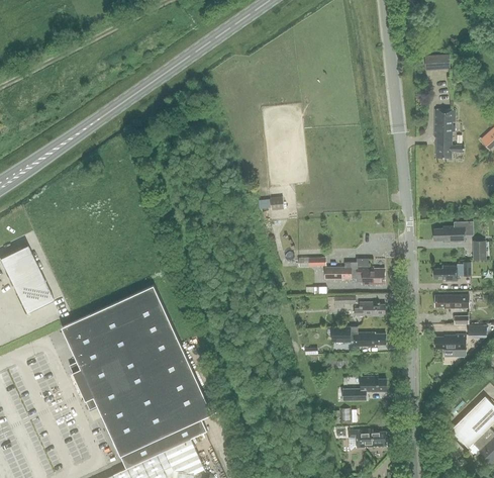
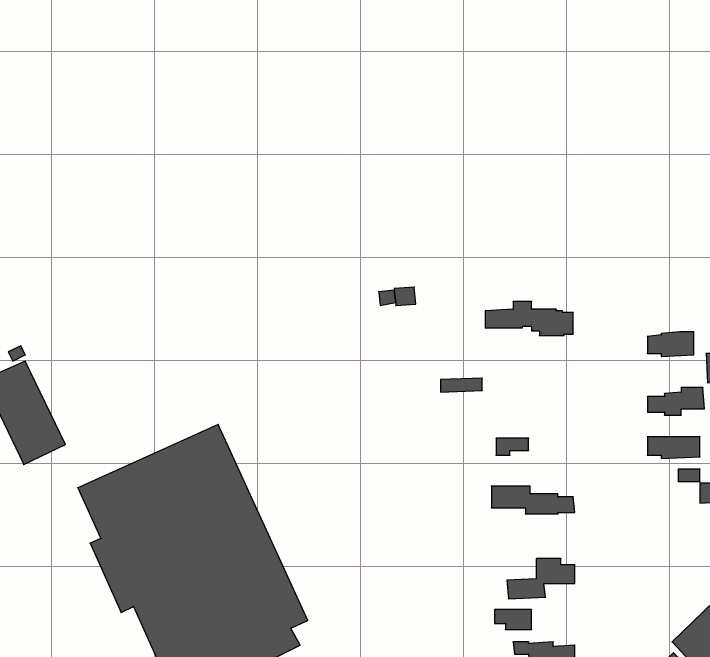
building: [424,55,451,71] -> none
building: [433,110,464,159] -> none
building: [327,263,385,285] -> [485,302,573,336]
building: [356,302,386,316] -> none
building: [435,334,466,351] -> none

